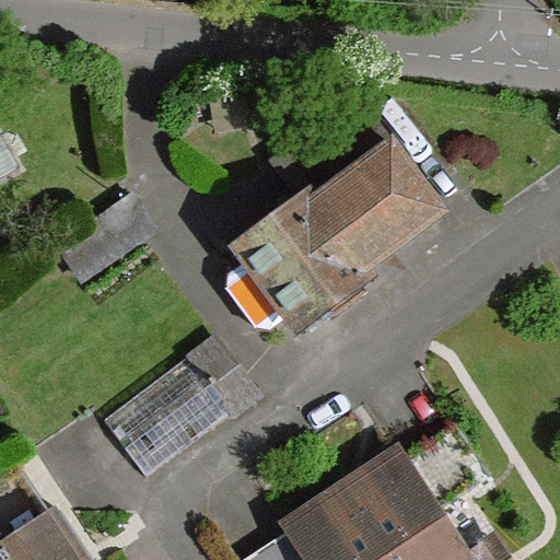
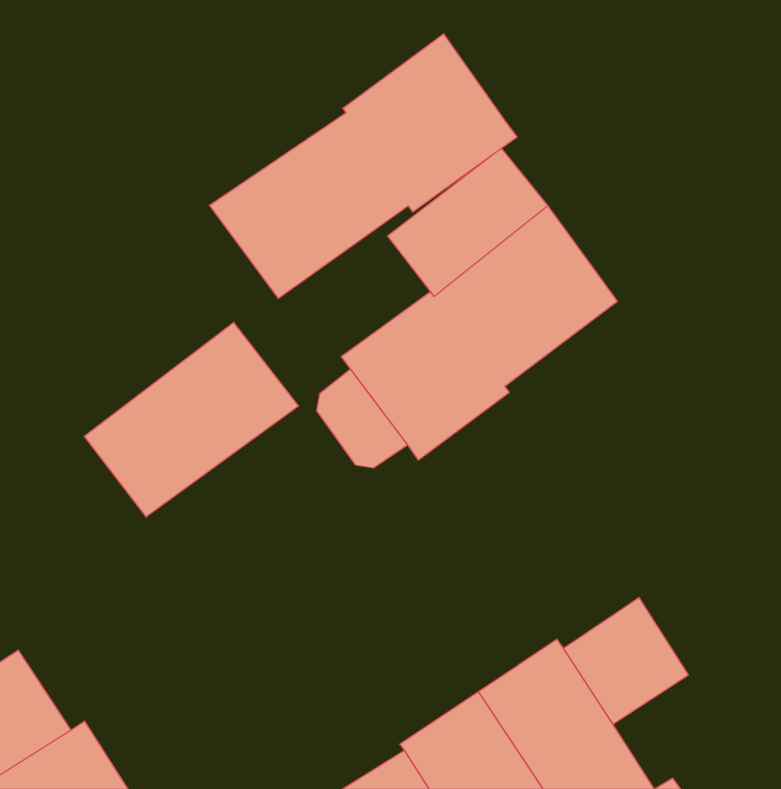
building: none -> [209,34,517,299]
building: [103,339,255,477] -> [84,322,299,517]

